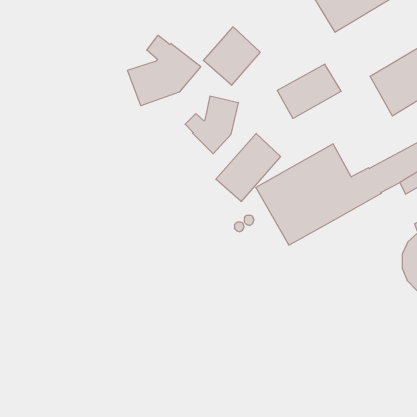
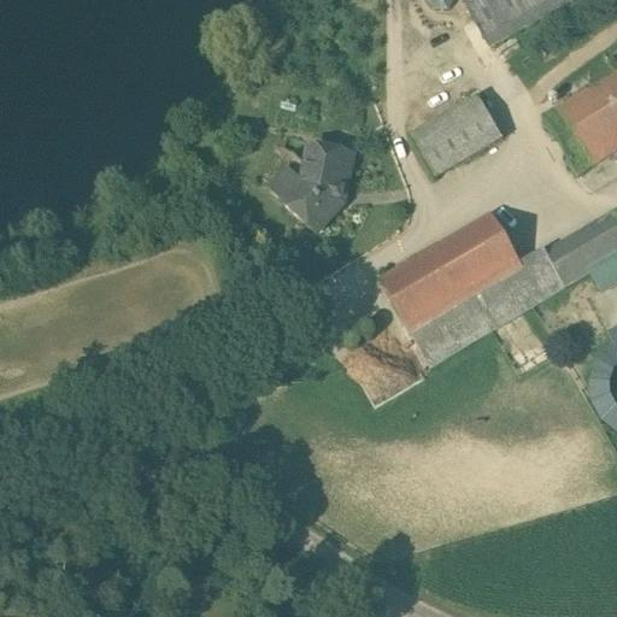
building: [203,27,260,85] -> none
building: [127,35,201,106] -> none
building: [216,133,280,202] -> none

